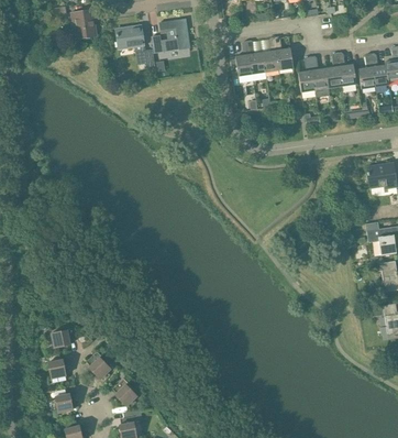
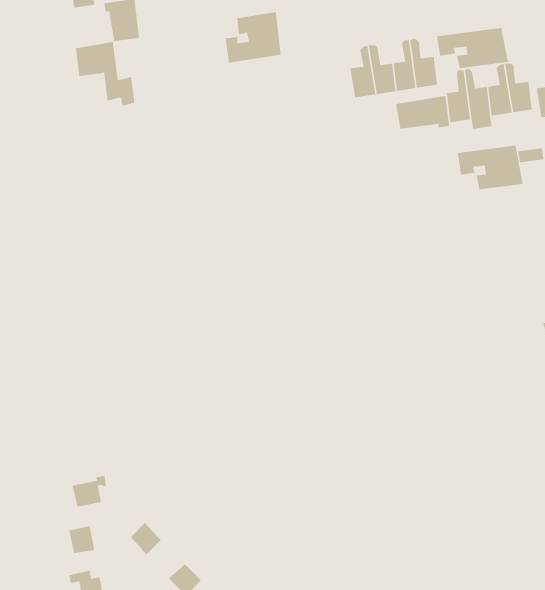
building: [115,25,155,68] -> [75,41,135,106]
building: none -> [436,27,508,69]
building: none -> [396,95,450,129]
building: none -> [457,145,523,190]

